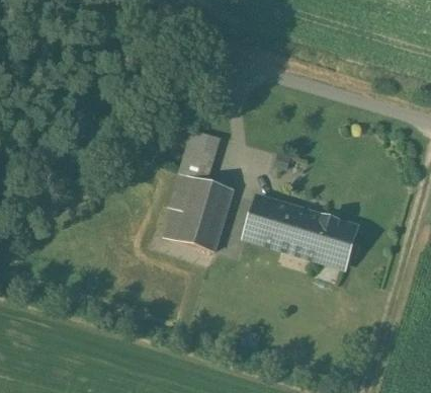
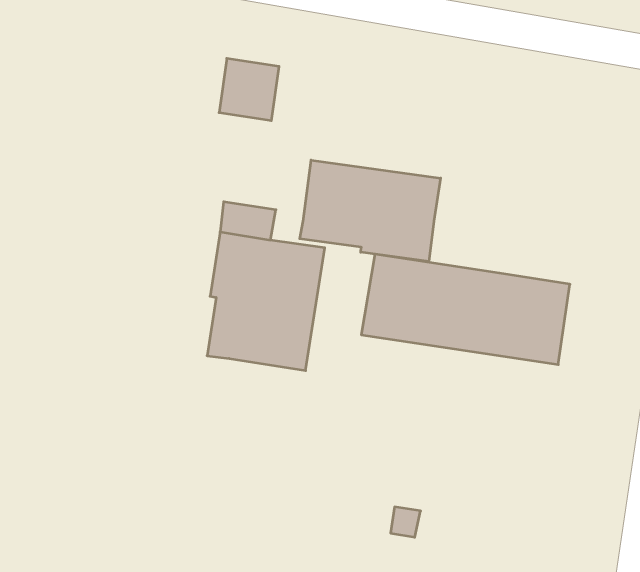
building: [183,130,218,165] -> [219,58,279,121]
building: none -> [300,160,441,262]

